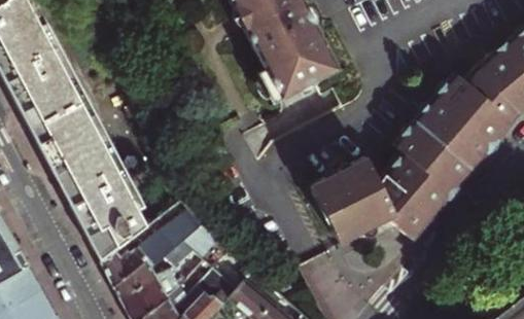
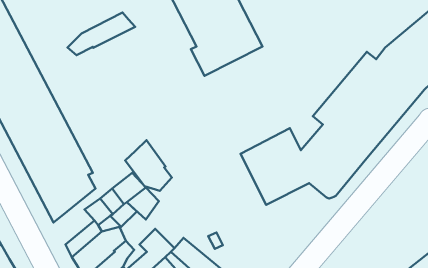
building: none -> [67,12,135,55]
building: none -> [125,140,172,191]
building: [102,250,148,289] -> none

